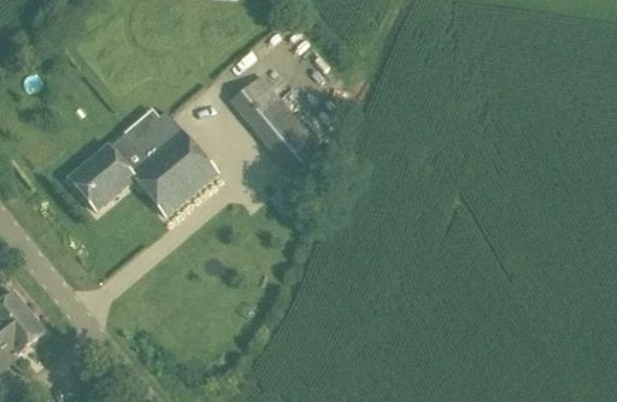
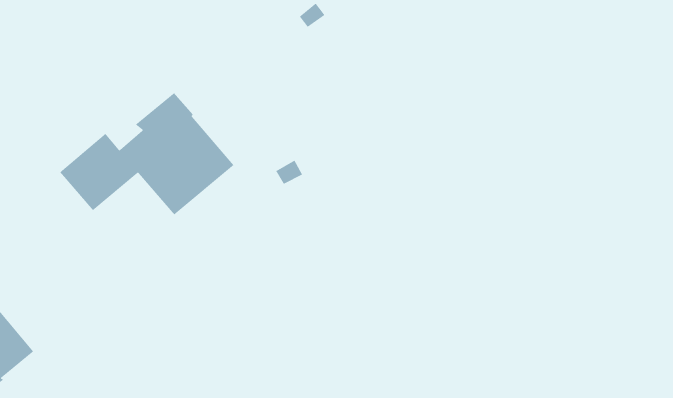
building: [228,72,324,190] -> none

